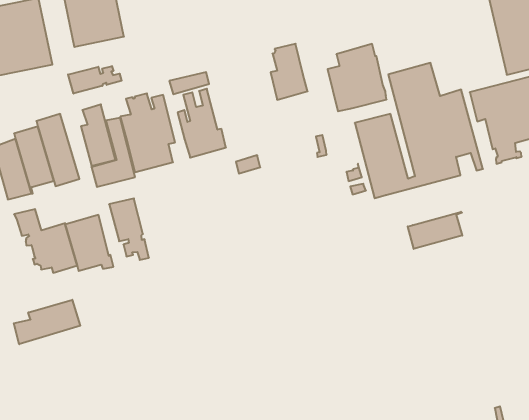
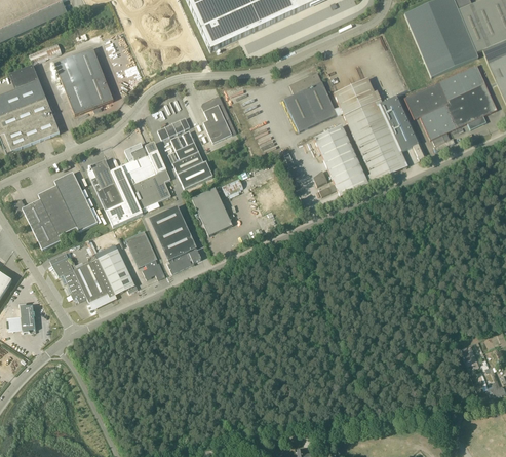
building: [271,44,308,100] -> [202,94,236,143]
building: [68,66,122,94] -> none
building: none -> [192,187,232,235]
building: none -> [149,204,201,273]
building: [408,212,462,249] -> none
building: [14,300,80,344] -> none

